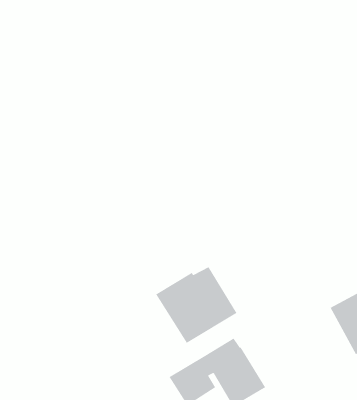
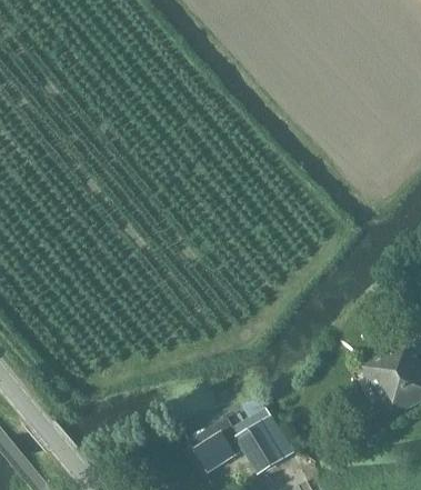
building: [155,266,238,344] -> none

